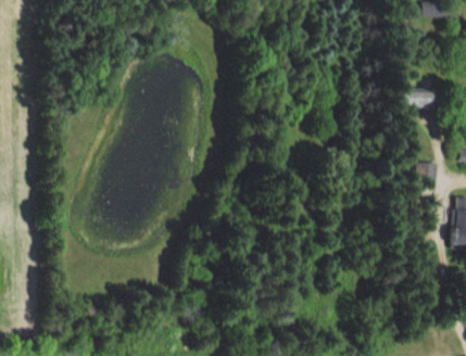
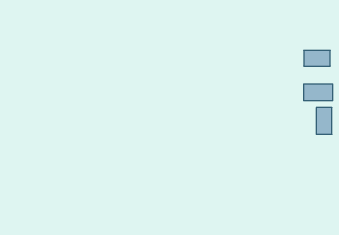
building: none -> [304,84,333,101]

